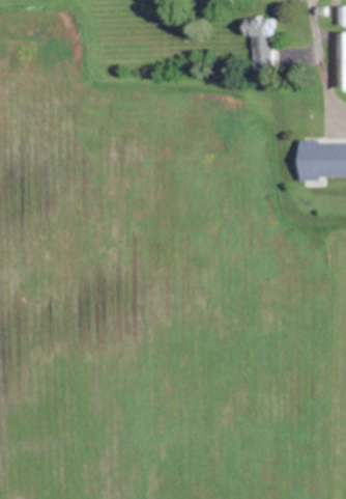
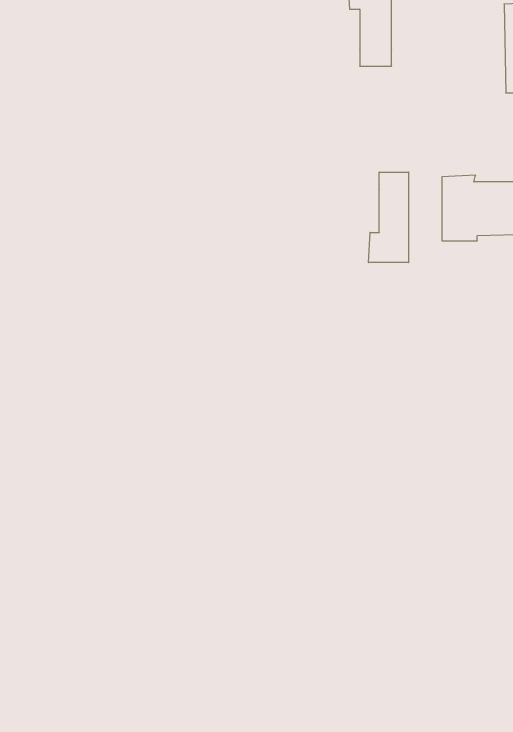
building: none -> [369,172,409,263]

